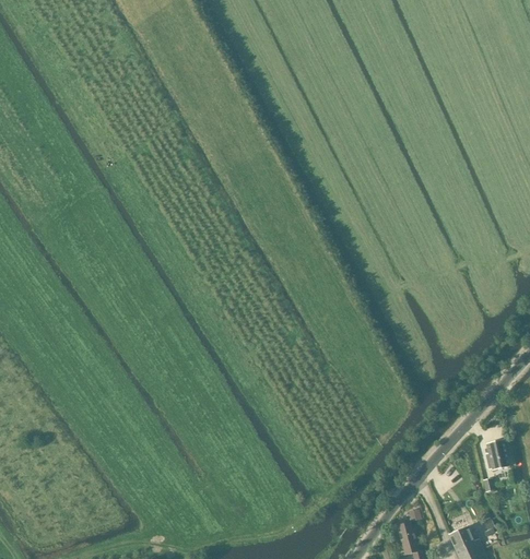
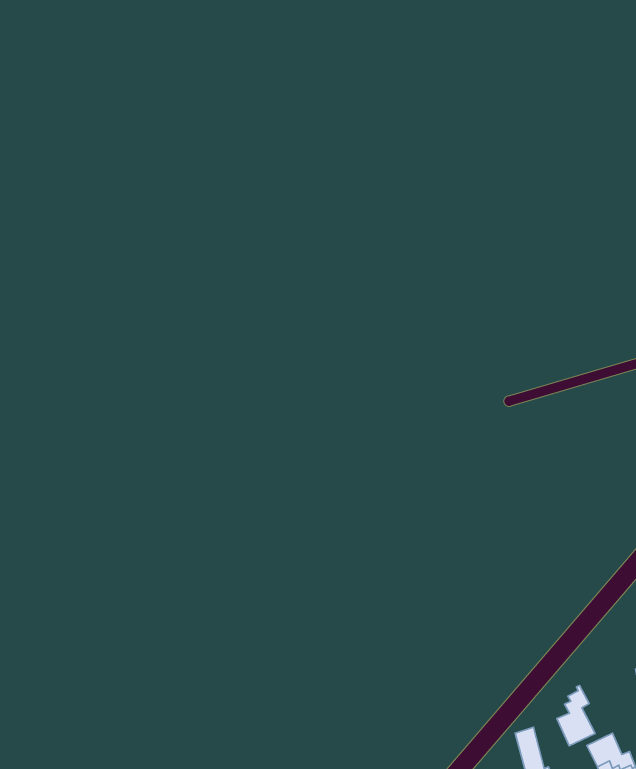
building: none -> [557,685,595,746]

